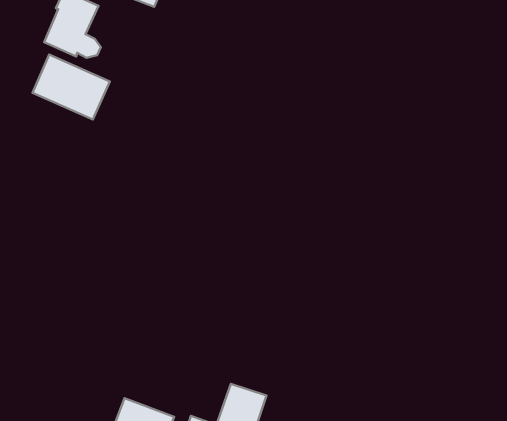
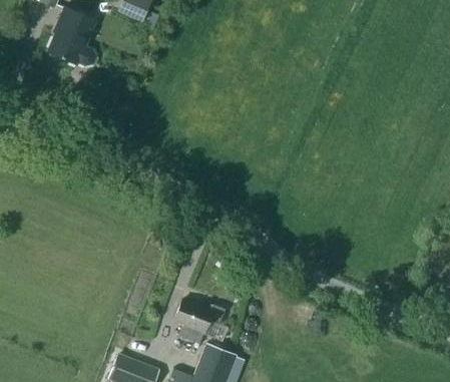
building: [32,55,110,120] -> none
building: none -> [173,301,222,343]

